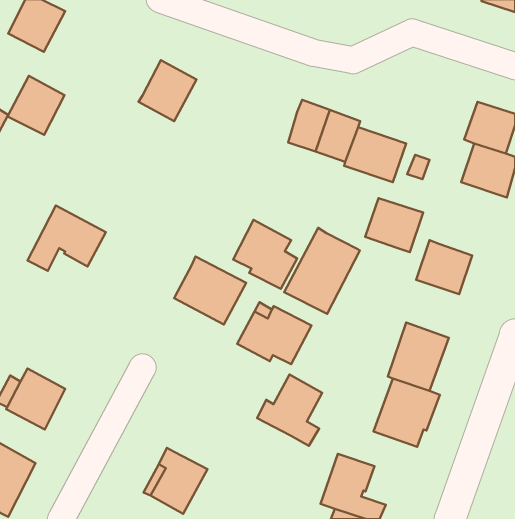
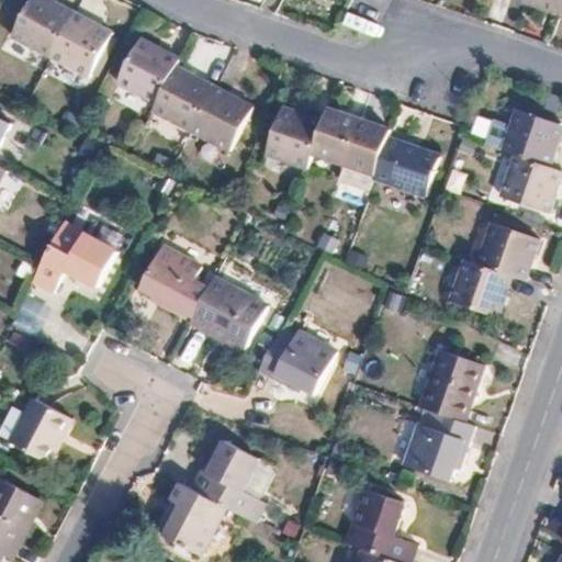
building: none -> [114,38,177,103]
building: [7,76,64,135] -> [47,12,109,76]
building: none -> [188,86,249,150]
building: none -> [262,106,321,168]
building: [365,198,423,252] -> [474,222,537,280]
building: [233,220,297,289] -> [137,245,206,319]
building: [284,228,360,314] -> none
building: [257,375,322,446] -> [188,440,258,517]

